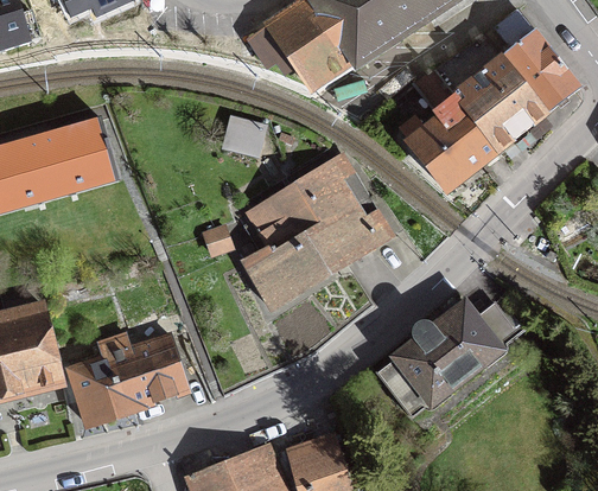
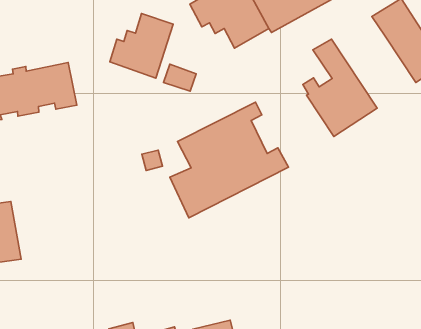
building: [433,36,545,152] -> none
building: none -> [110,14,173,78]
building: [375,304,523,419] -> none
building: [66,334,187,423] -> none

